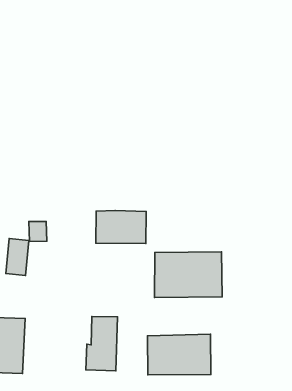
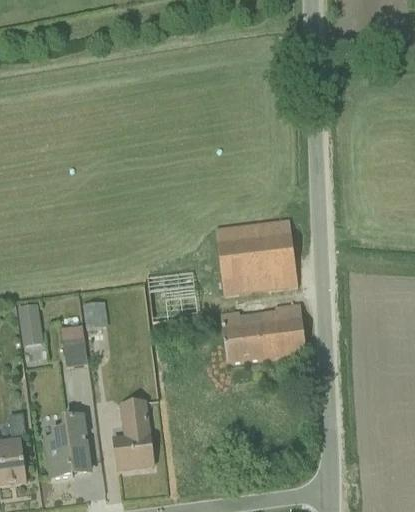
building: none -> [221,222,296,289]
building: [86,316,118,371] -> [118,400,156,467]
building: [148,334,211,375] -> none

